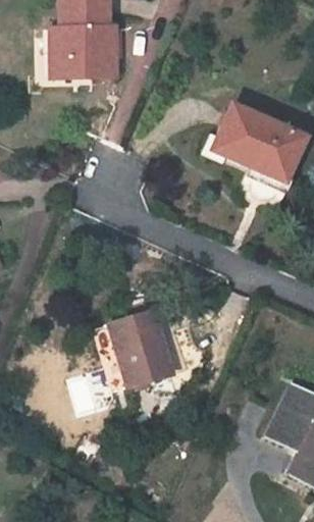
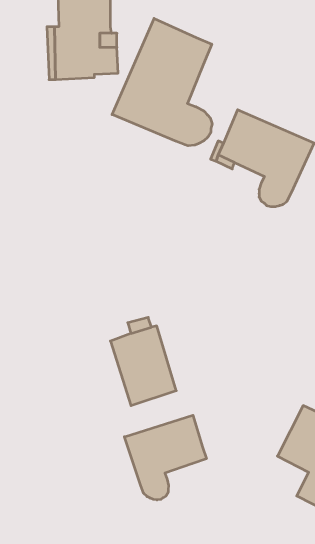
building: none -> [112,18,212,146]
building: none -> [124,415,206,500]

